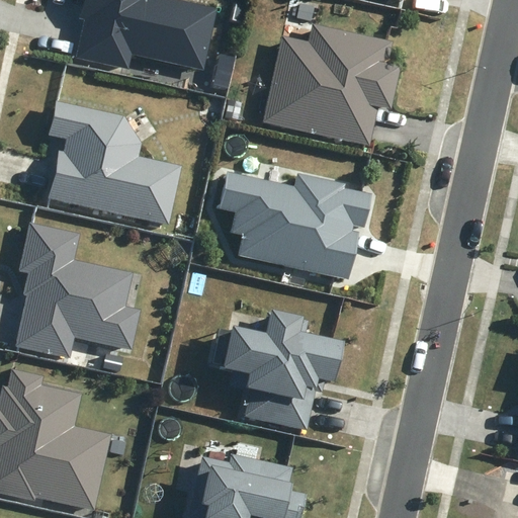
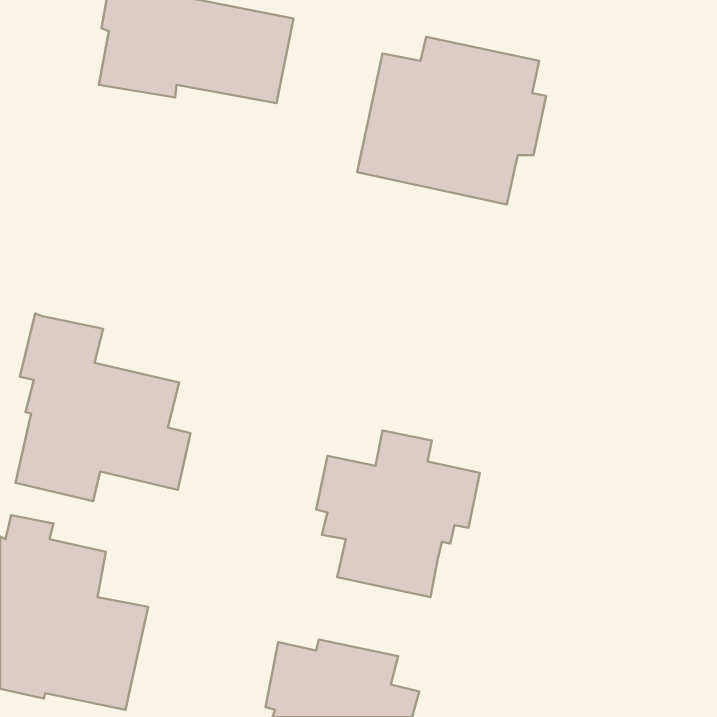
building: [46,102,180,227] -> none
building: [218,165,375,276] -> none

